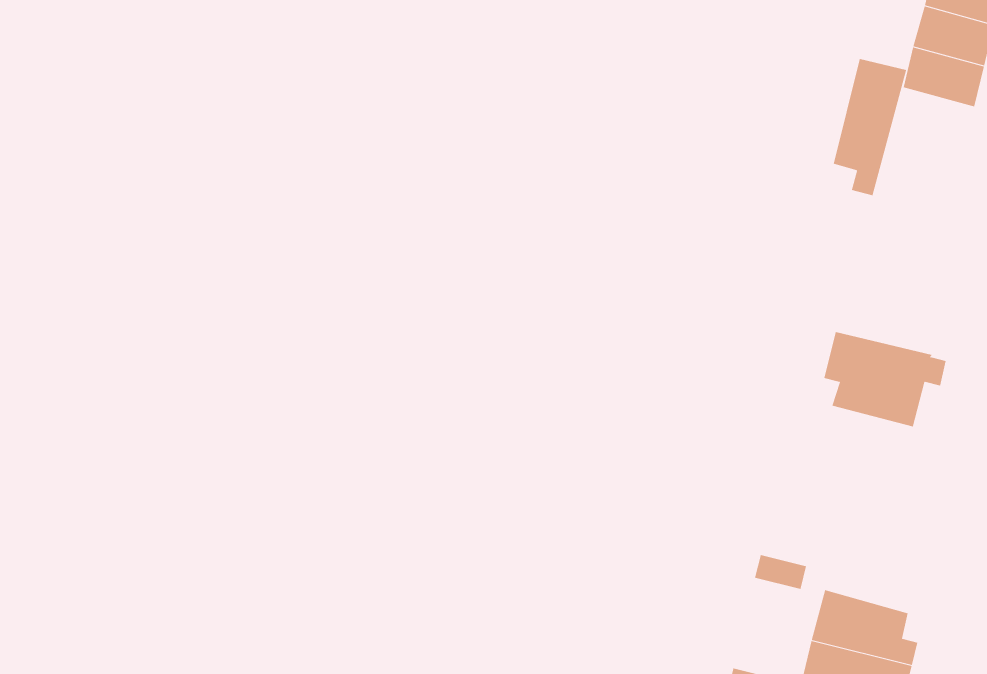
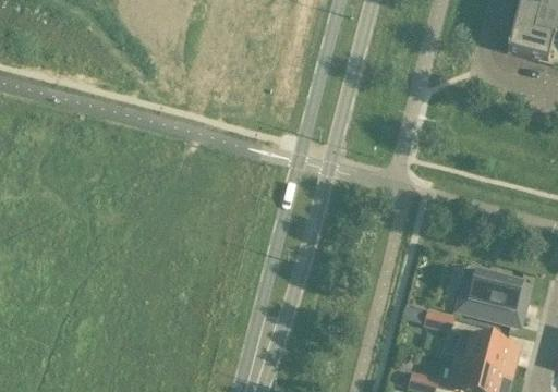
building: [833,58,907,196] -> none
building: [824,331,947,427] -> [463,269,532,322]

